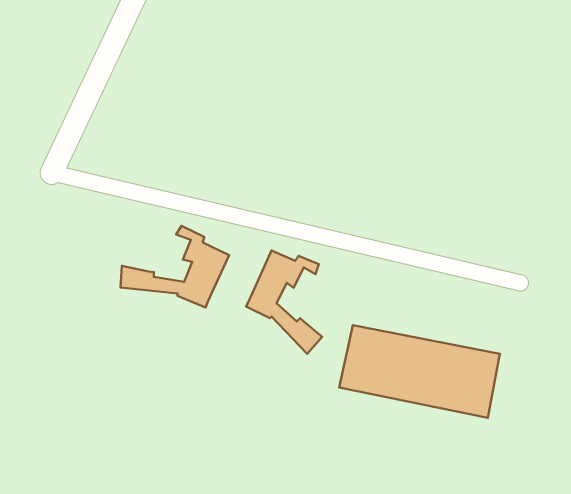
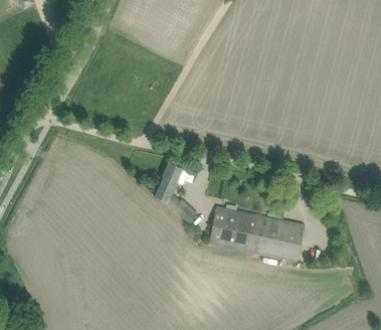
building: [121,226,229,308] -> none

